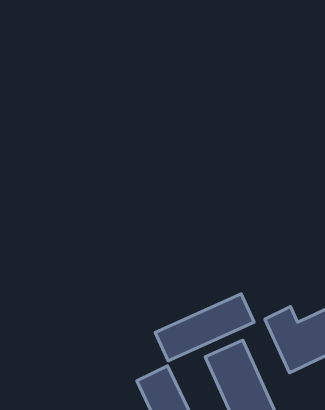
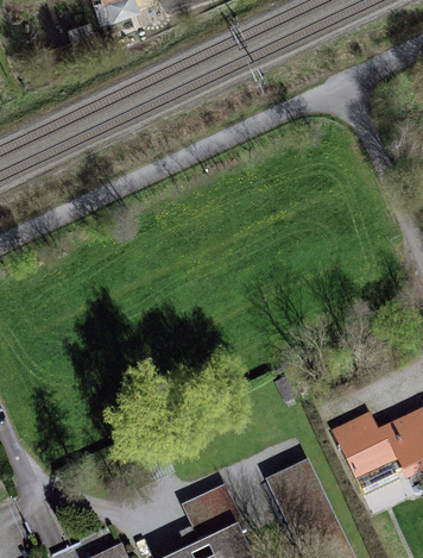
building: [155,294,254,361] -> none

